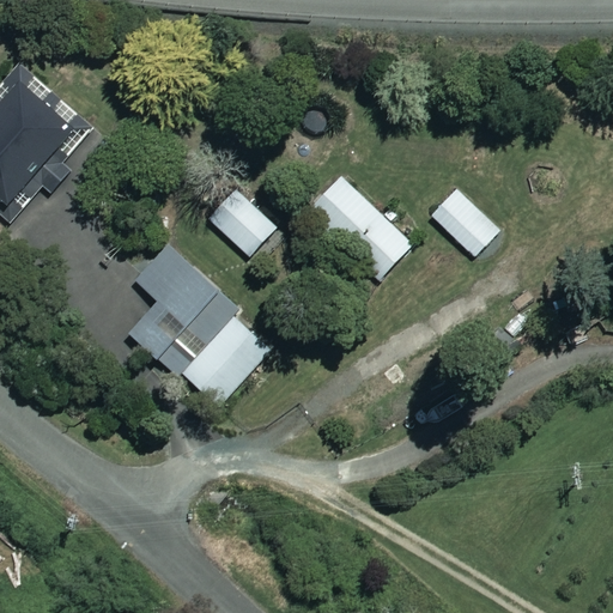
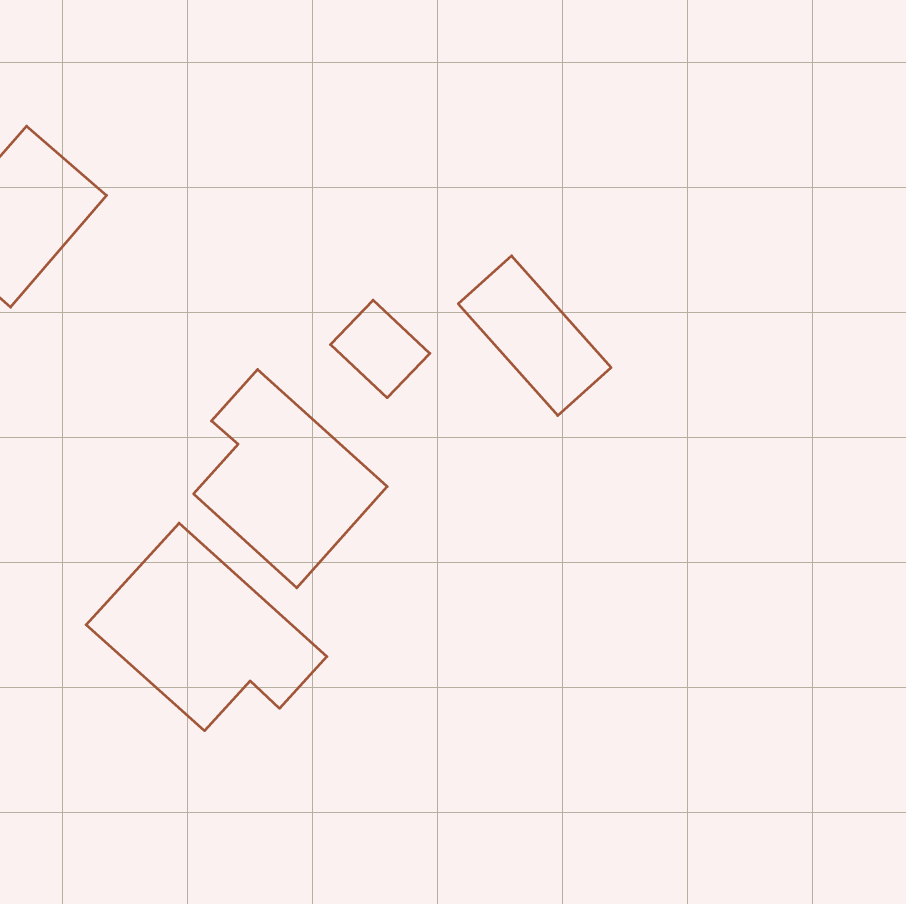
building: [432,189,500,255] -> none
building: none -> [86,523,327,731]

